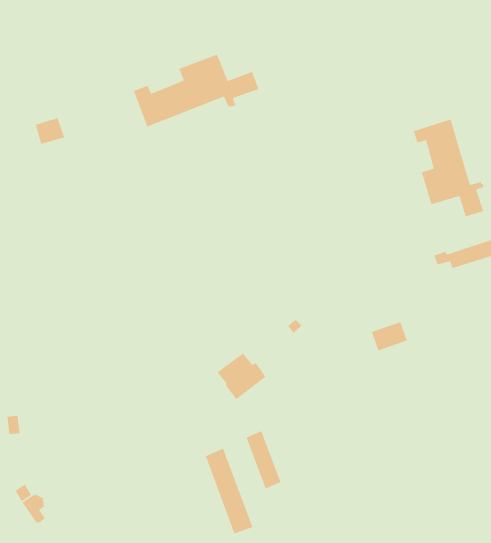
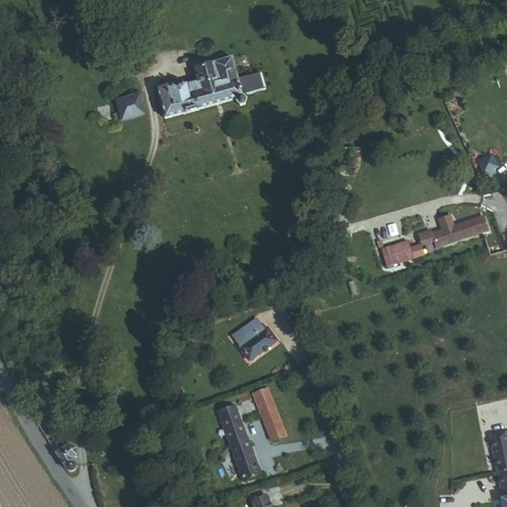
building: [35,117,65,145] -> [118,93,144,118]
building: [413,119,484,217] -> none
building: [371,321,408,351] -> [381,239,414,265]

